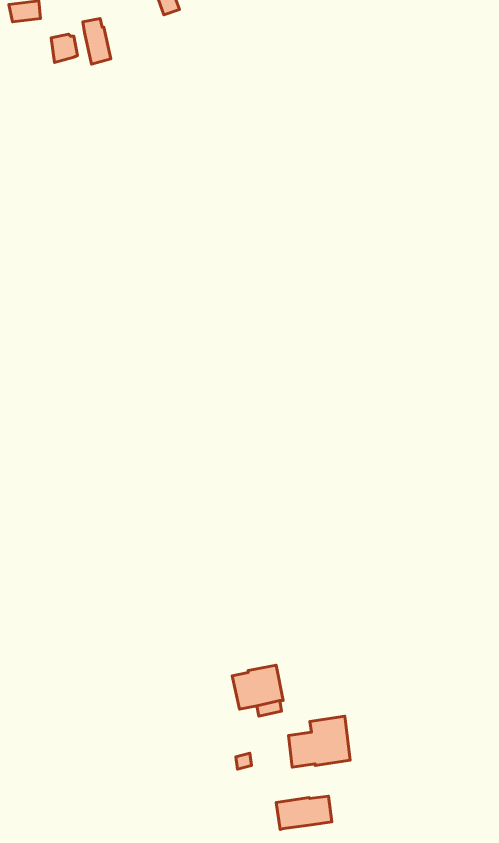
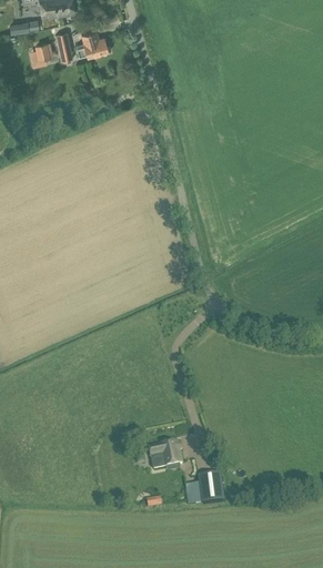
building: none -> [77,29,108,57]
building: [276,796,332,829] -> none

